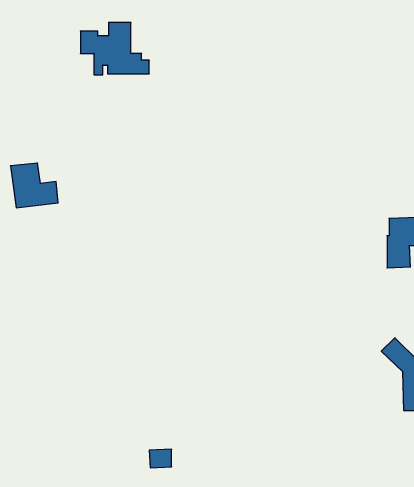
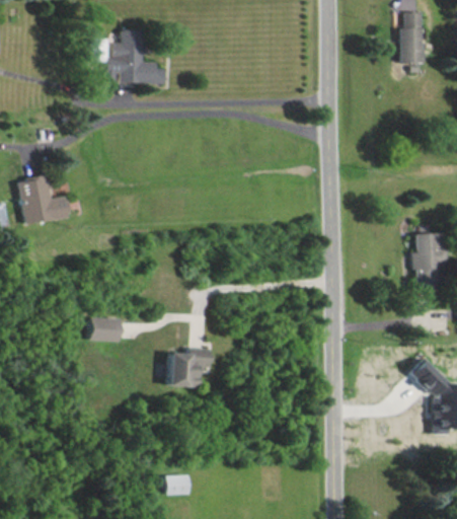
building: none -> [400,12,428,63]
building: none -> [88,317,119,342]
building: none -> [167,348,210,387]

